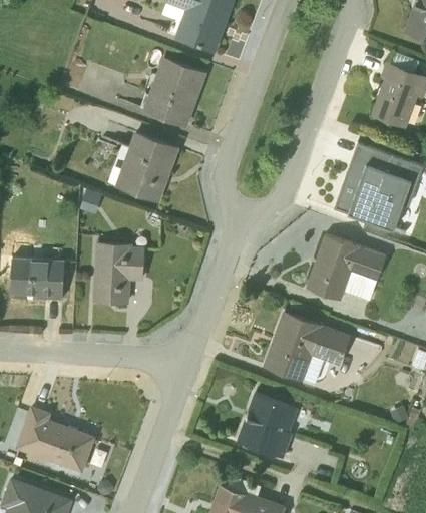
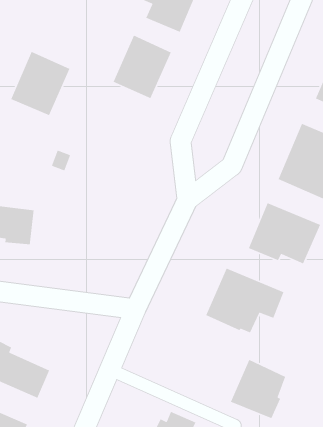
building: [114,131,179,203] -> [10,51,71,116]
building: [94,244,142,303] -> none
building: [236,391,297,457] -> [230,359,286,419]

